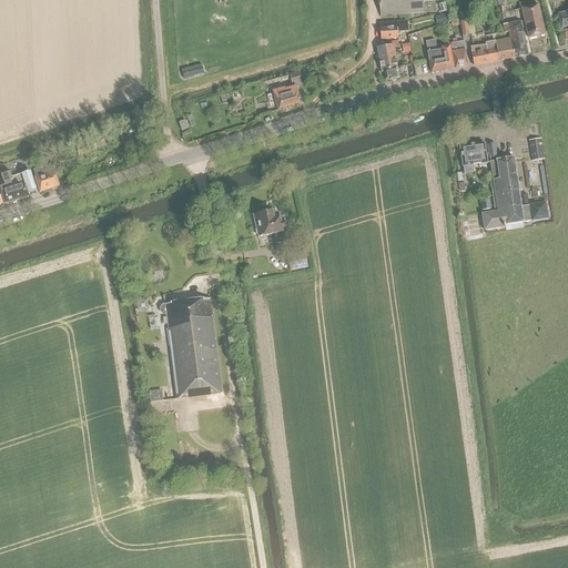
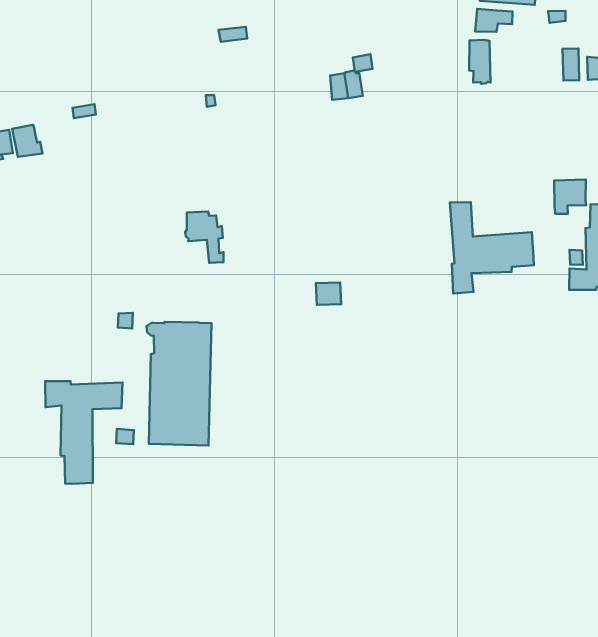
building: [426,39,453,71] -> none
building: none -> [450,202,534,293]
building: [254,210,288,250] -> [185,211,224,263]
building: none -> [45,381,122,484]

